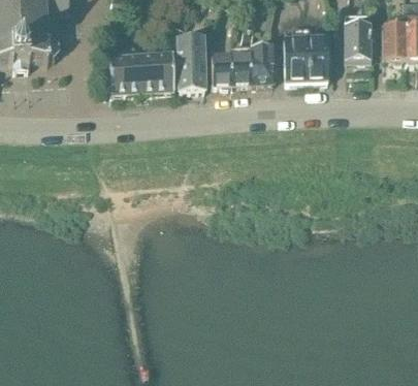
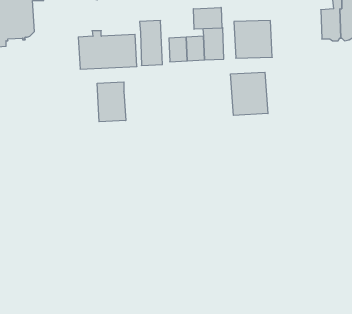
building: none -> [193,7,222,29]
building: [345,23,369,58] -> none
building: none -> [231,72,268,115]
building: none -> [97,82,126,122]

